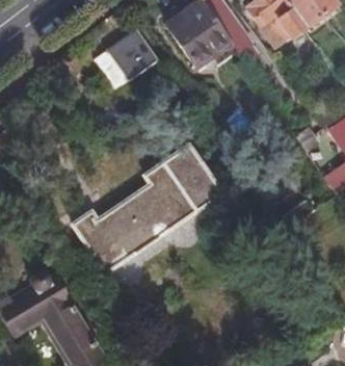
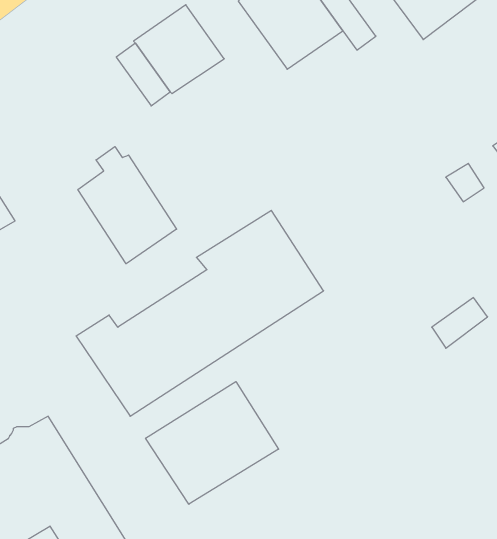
building: none -> [78,147,177,264]
building: none -> [146,382,279,504]

